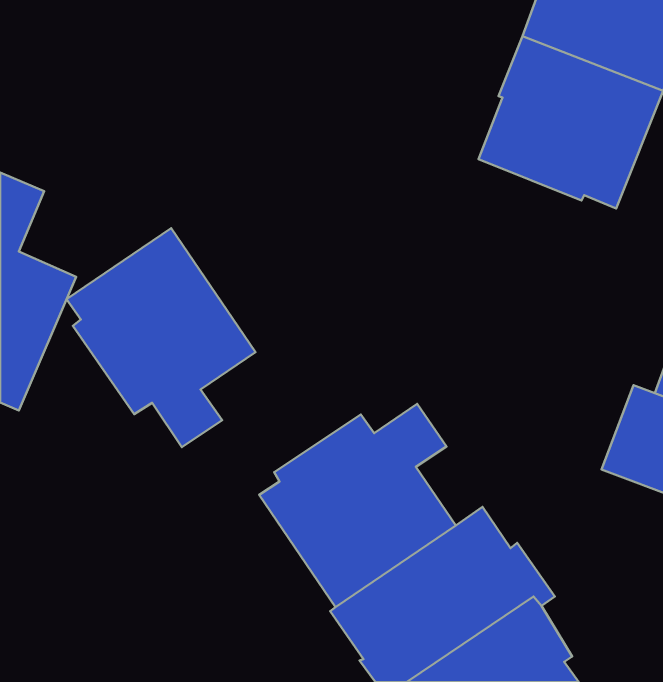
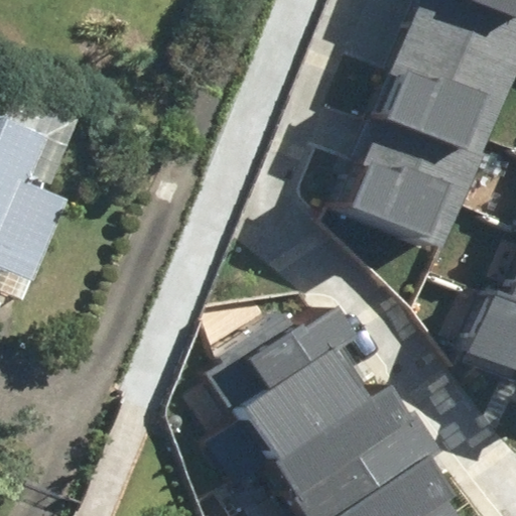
building: none -> [340,120,480,250]
building: [67,228,255,447] -> none

